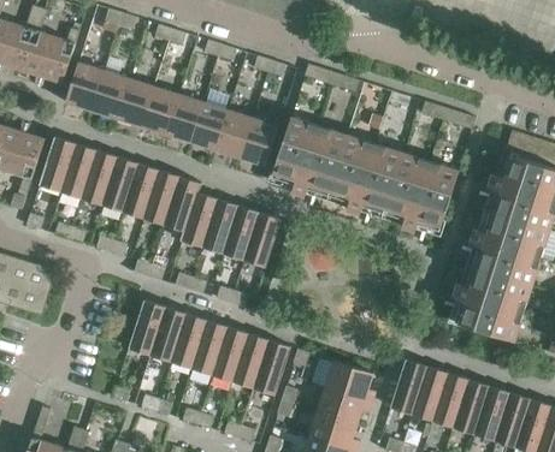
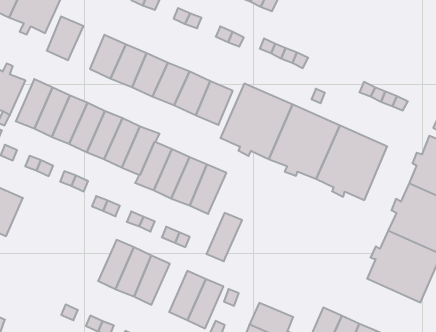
building: [90,71,128,118] -> none
building: [128,299,165,355] -> none
building: [212,327,248,381] -> [206,213,242,261]

